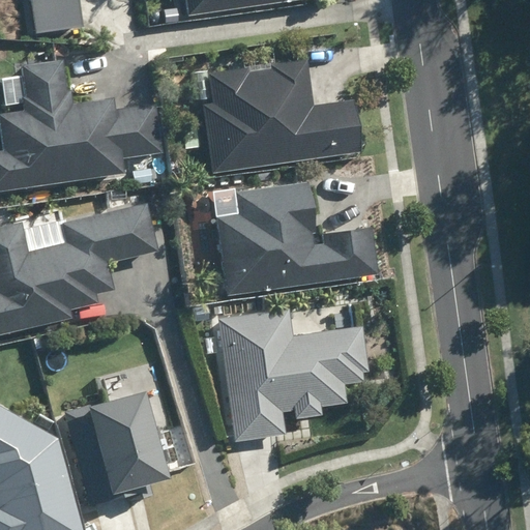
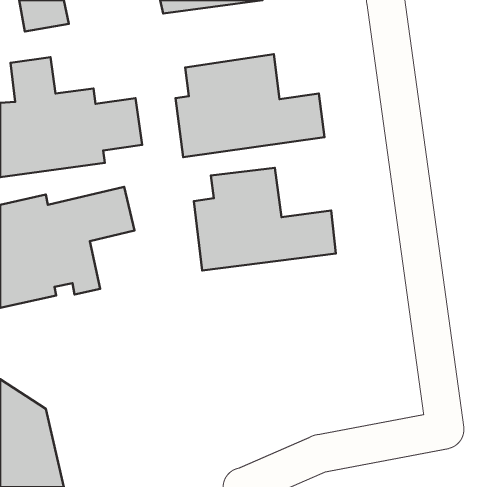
building: [215,307,366,441] -> none
building: [64,391,156,500] -> none

